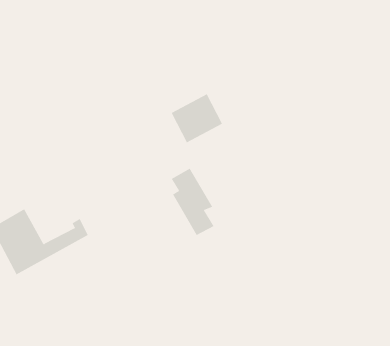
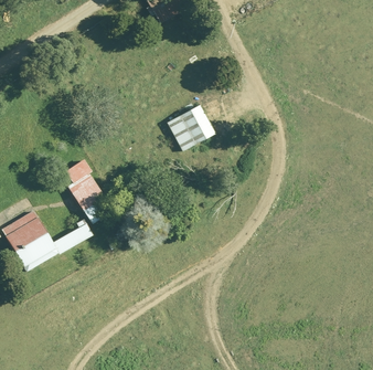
building: [171,168,214,236] -> [65,160,105,222]

